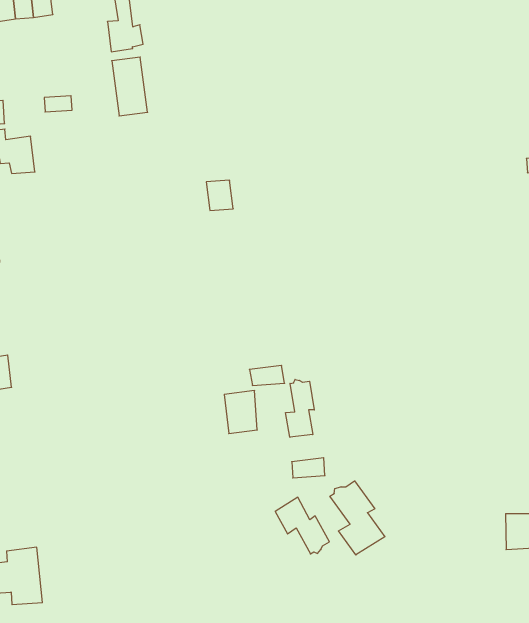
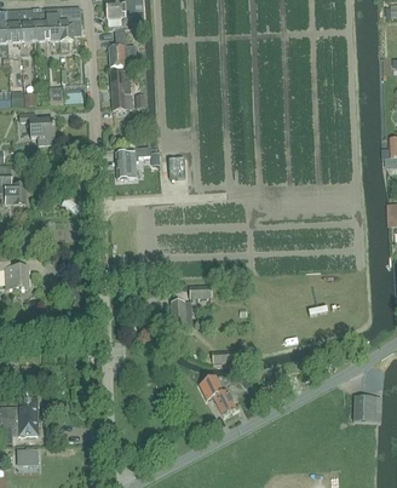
building: none -> [115,147,149,177]
building: [286,379,314,437] -> none
building: [330,481,385,555] -> none

